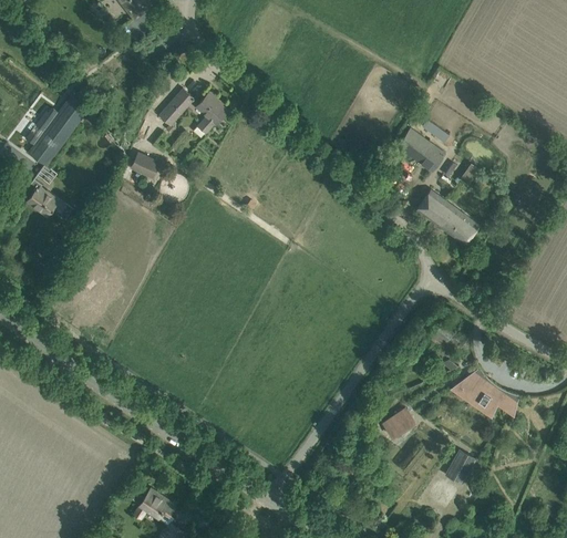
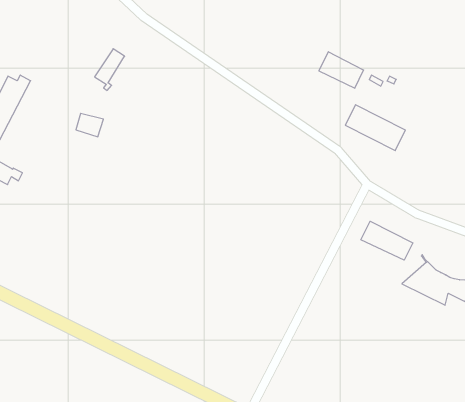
building: [195,93,226,133] -> none
building: none -> [361,221,413,260]
building: [381,406,415,437] -> none
building: [444,448,476,484] -> none

